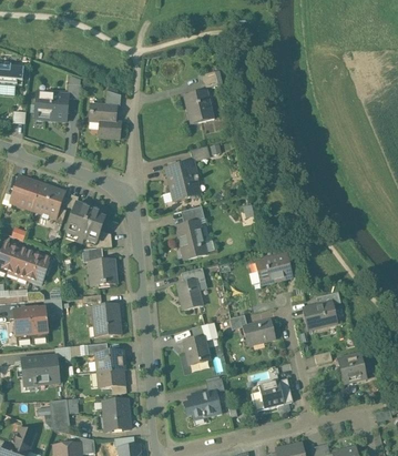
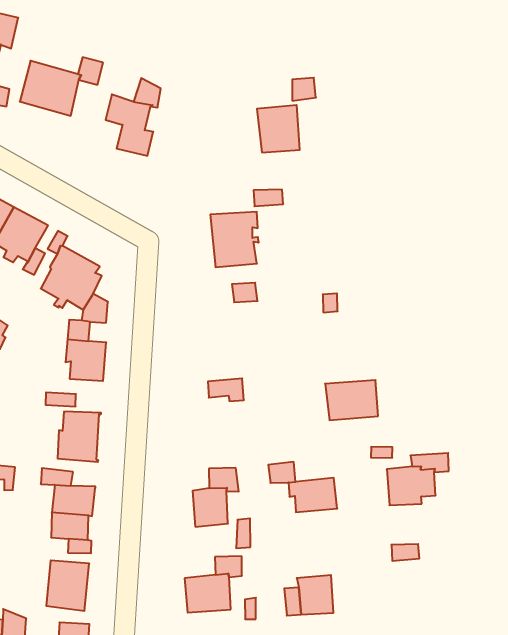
building: [176,221,206,257] -> none
building: [175,278,202,308] -> none
building: [337,352,365,383] -> none

